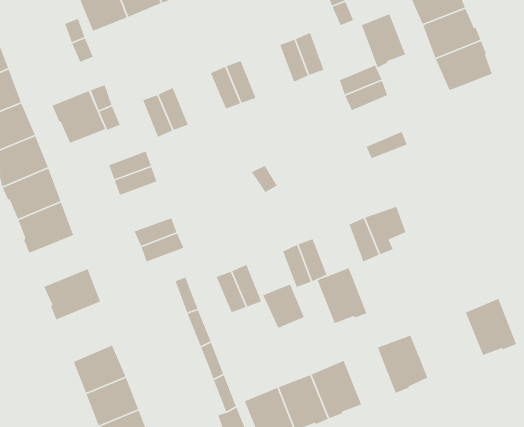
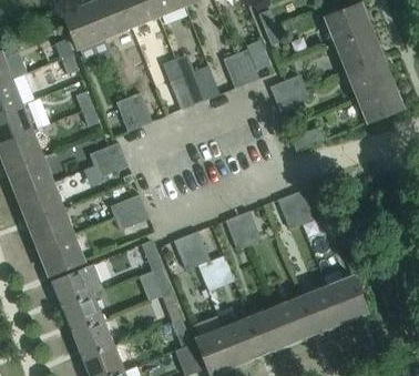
building: [361,13,406,68] -> none
building: none -> [357,82,403,122]
building: [52,90,106,144] -> none
building: none -> [28,209,74,248]
building: [317,267,368,327] -> [275,296,315,343]
building: [465,298,517,357] -> [327,275,368,322]
building: none -> [51,263,104,307]

